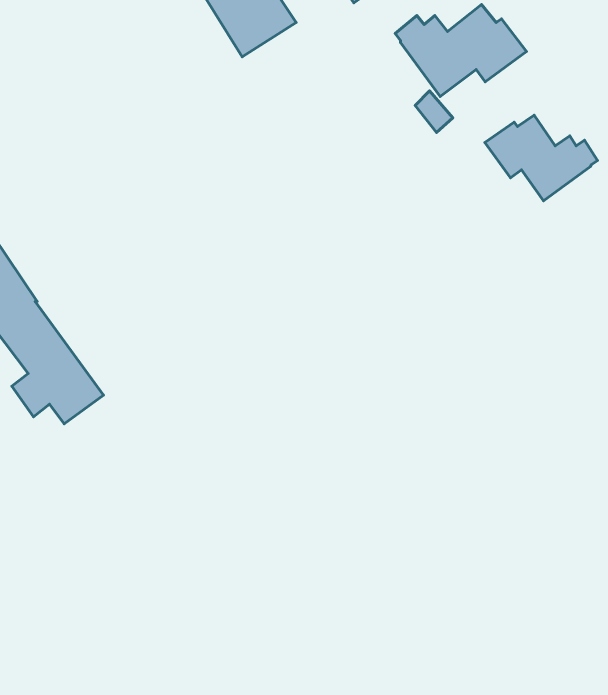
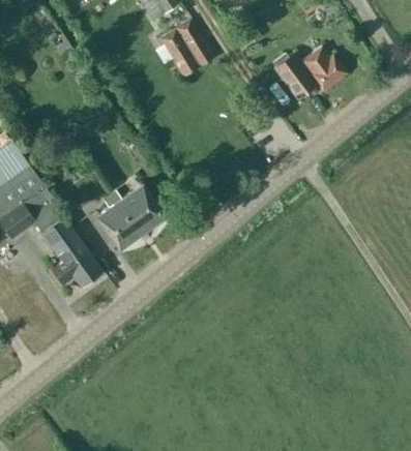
building: [485,115,597,201] -> none
building: none -> [95,183,164,248]

